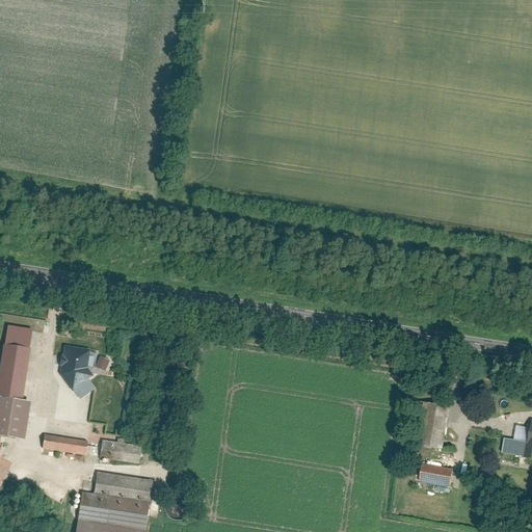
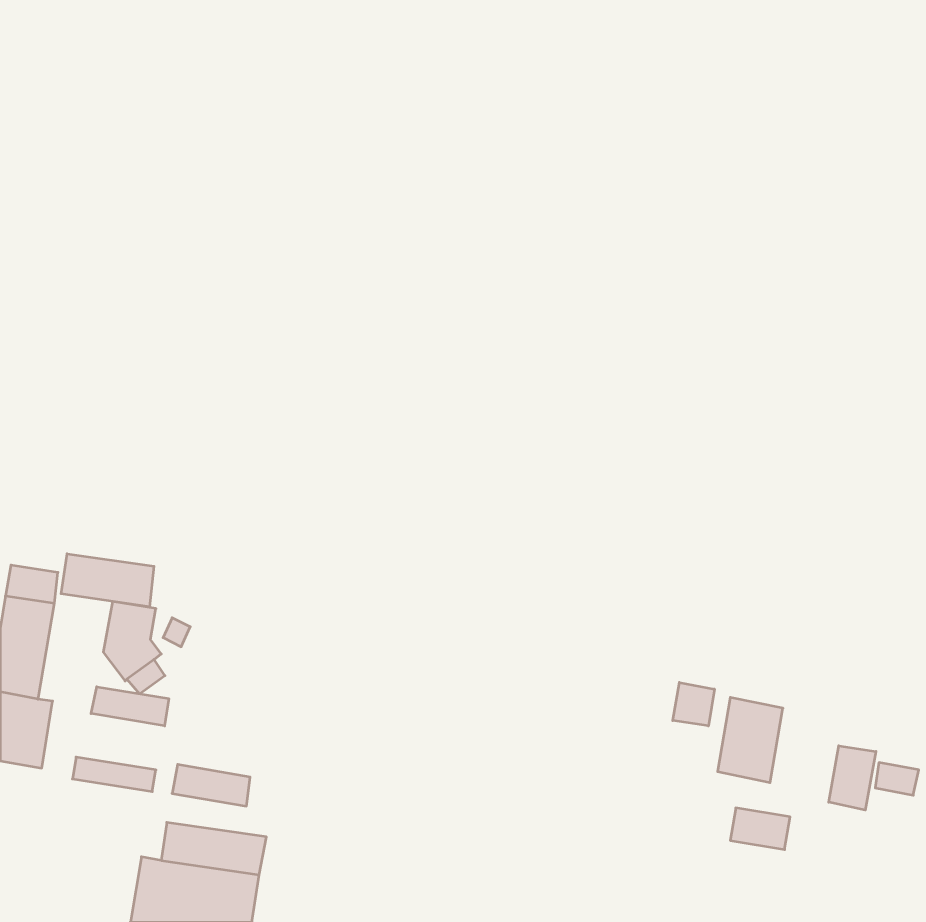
building: none -> [61,554,154,607]
building: none -> [673,682,714,726]
building: none -> [91,687,169,726]
building: none -> [829,746,876,810]

